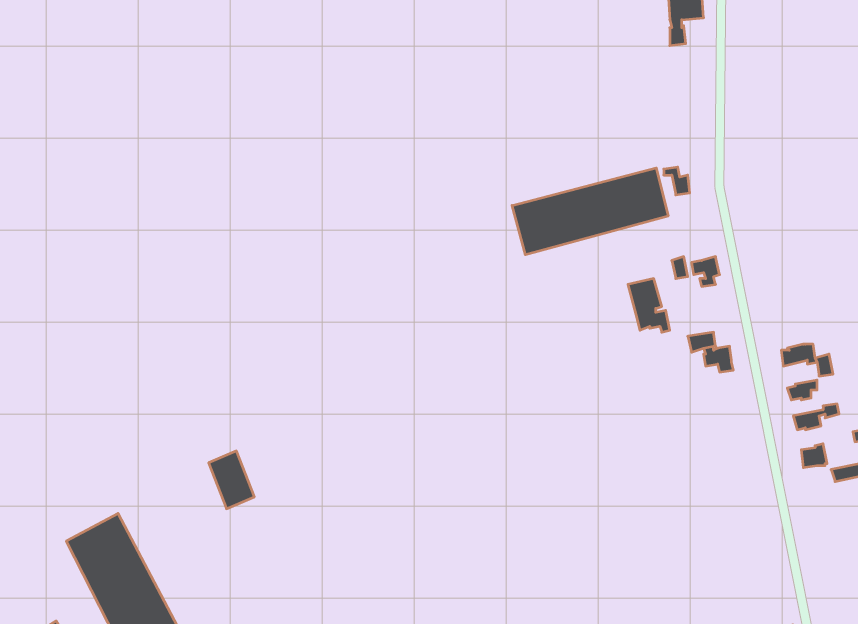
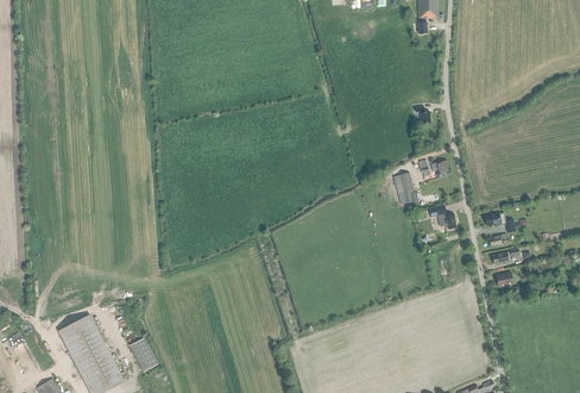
building: [512,168,668,255] -> none
building: [209,451,254,509] -> [128,336,156,370]

